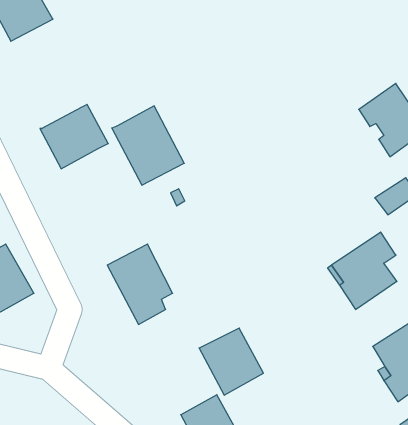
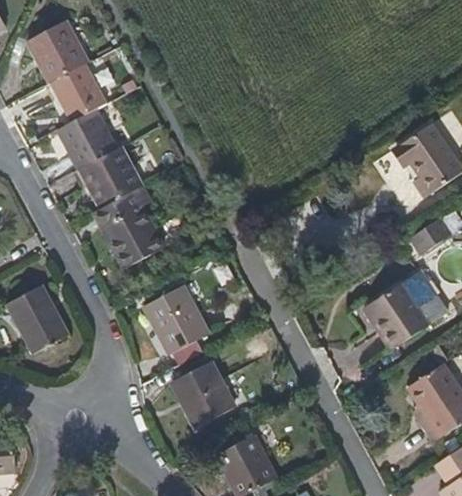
building: none -> [48,61,108,118]
building: none -> [56,108,118,170]
building: [112,106,184,185] -> [93,190,165,269]
building: [199,328,263,395] -> [171,361,235,428]

